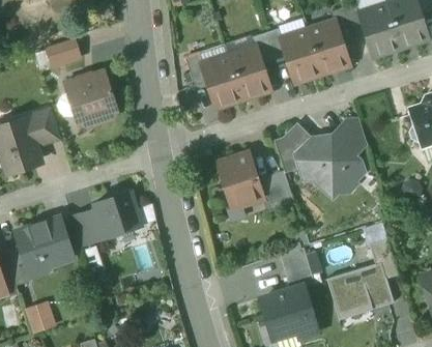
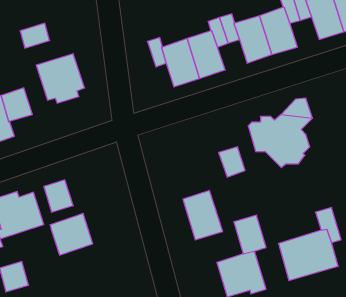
building: [275,126,310,173] -> none
building: [219,153,262,207] -> [183,191,223,240]
building: [94,192,141,237] -> [50,213,93,255]

